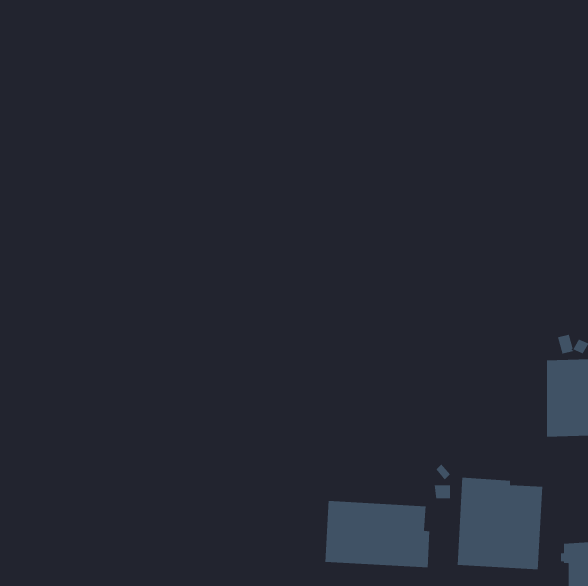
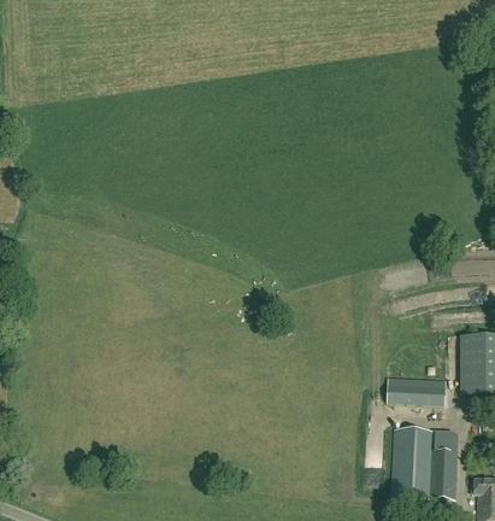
building: none -> [387,377,444,404]
building: [325,500,430,568] -> none

